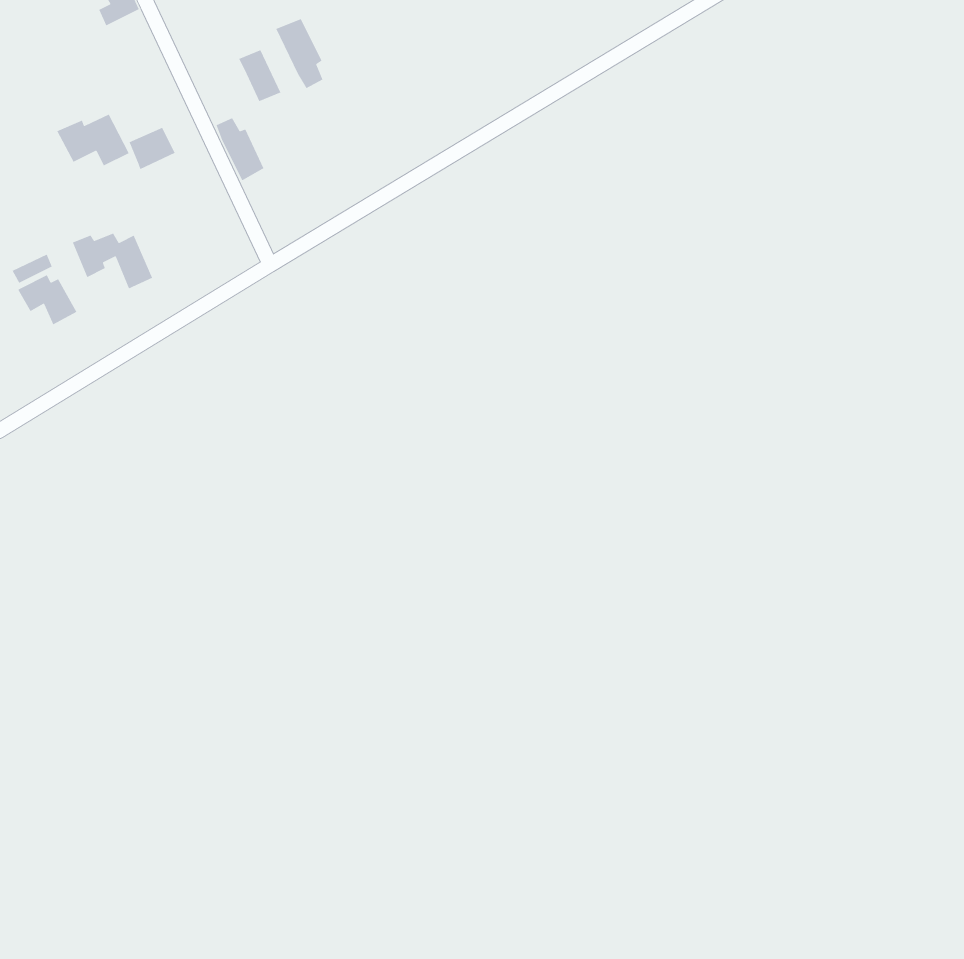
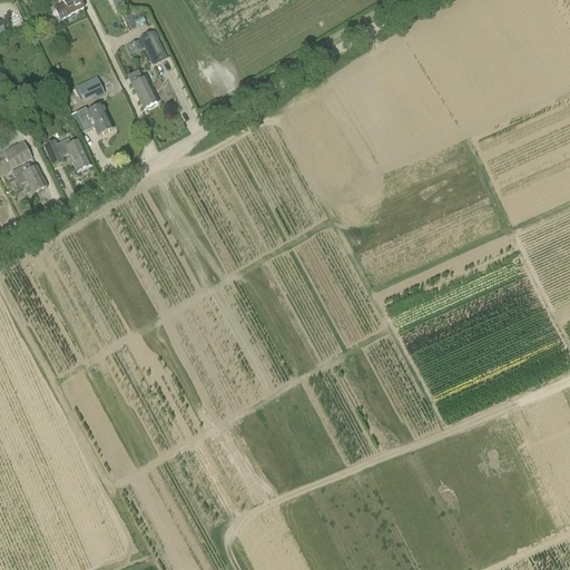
building: [275,18,324,89] -> none
building: [56,114,130,167] -> [69,102,112,134]

